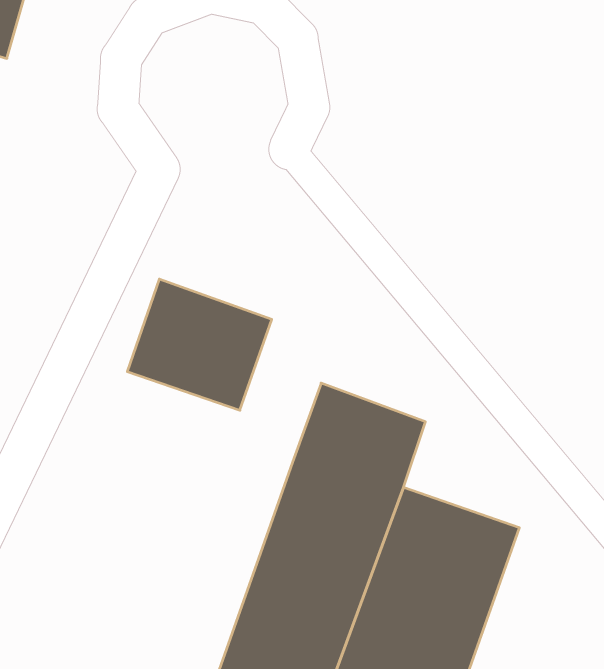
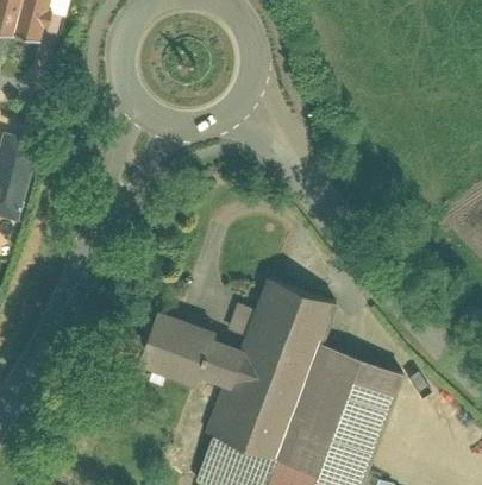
building: [127,279,272,410] -> [139,302,242,395]

